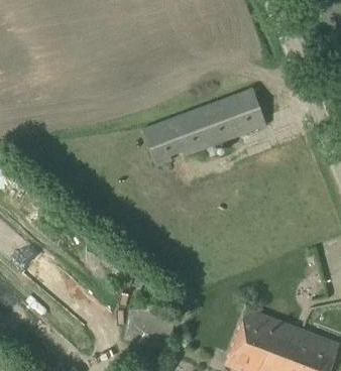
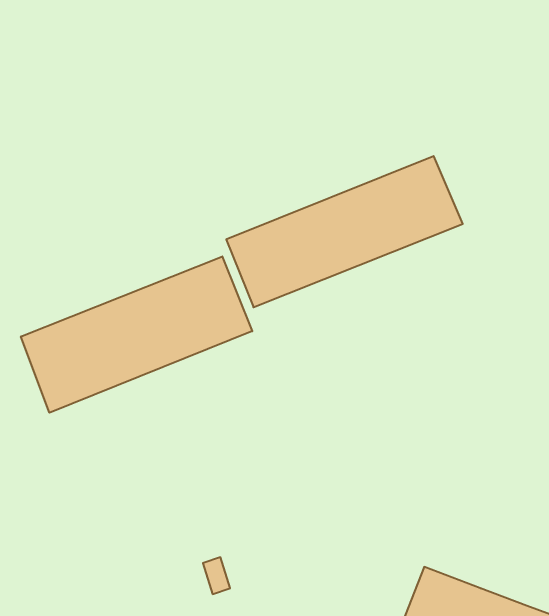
building: none -> [21,256,252,413]

